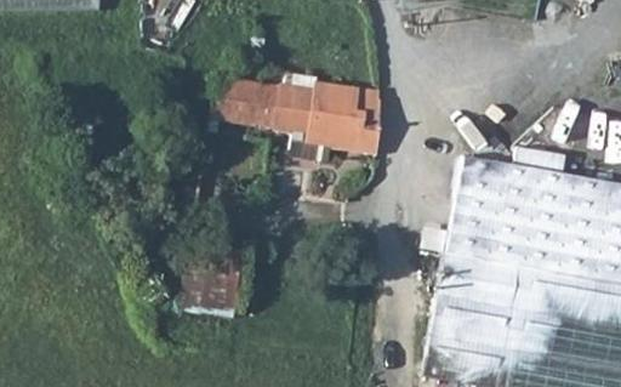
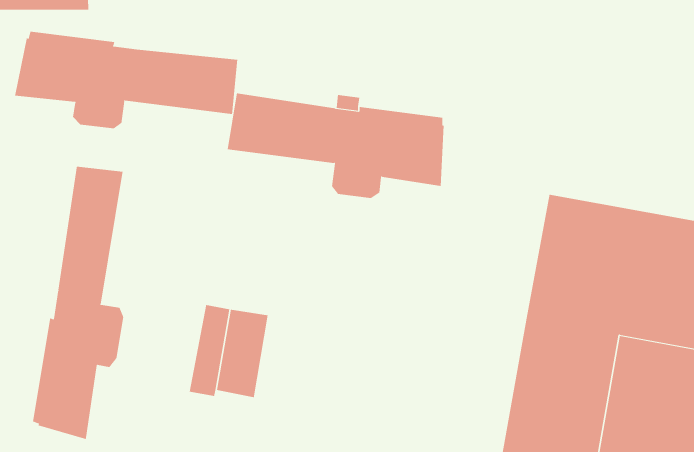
building: none -> [14,31,238,129]
building: none -> [32,166,124,440]

